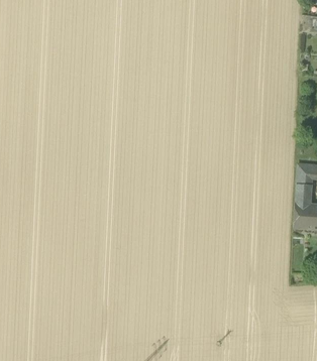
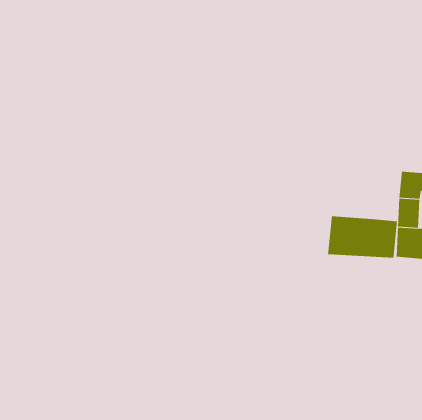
building: none -> [328,216,397,258]

